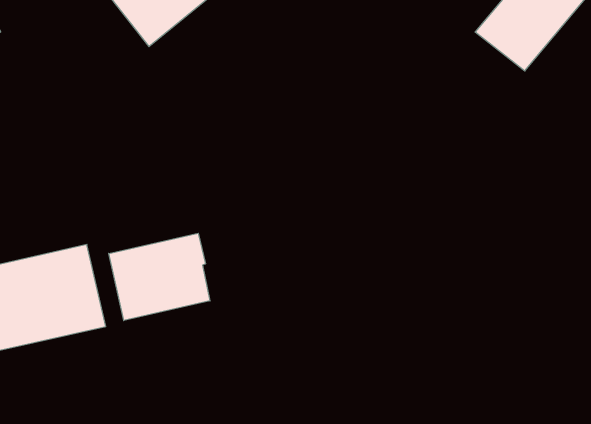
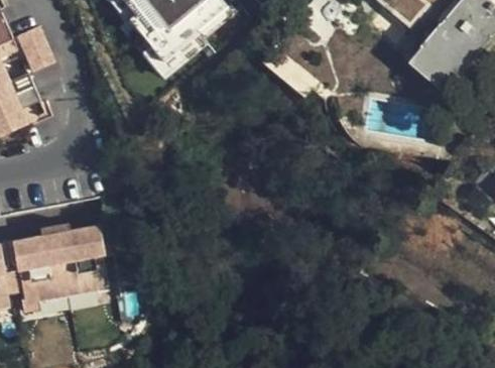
building: [109,233,210,321] -> none

